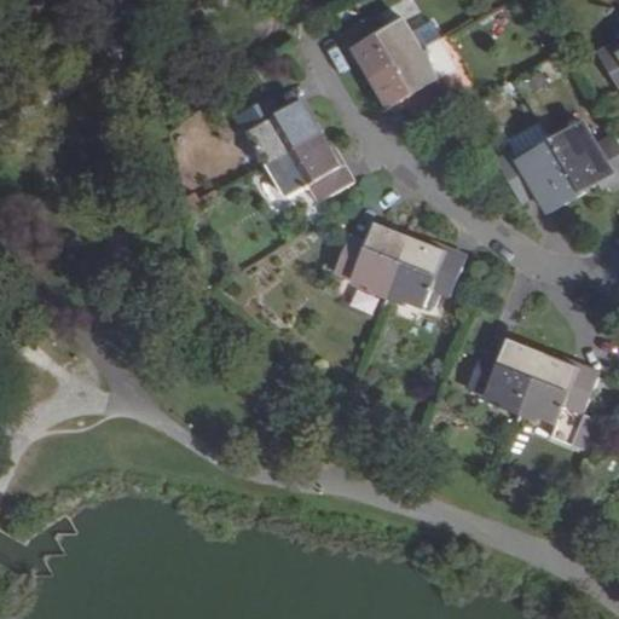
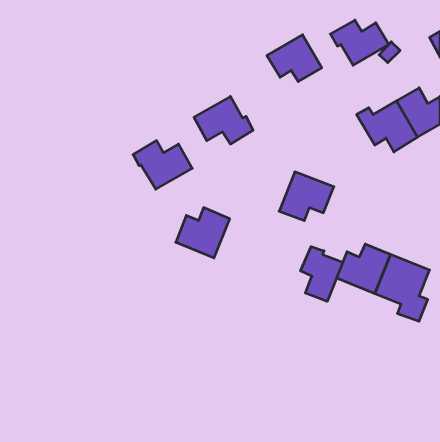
building: [340,15,421,77] -> [330,20,389,65]
building: [238,96,320,163] -> [133,141,192,189]
building: [335,224,410,294] -> [176,208,230,258]
building: none -> [301,247,343,301]

